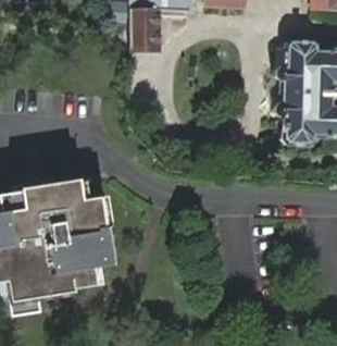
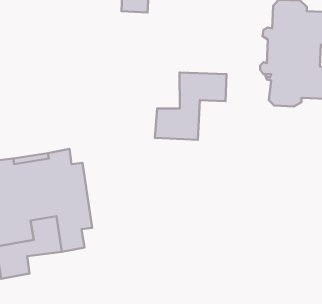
building: none -> [155,73,227,140]

